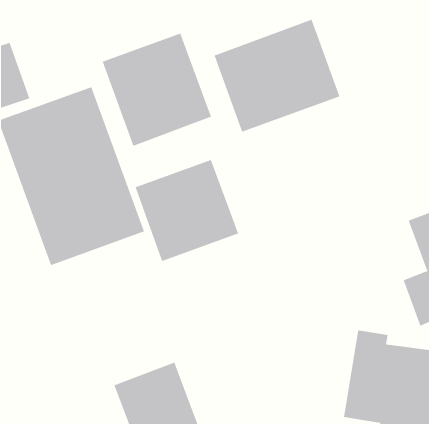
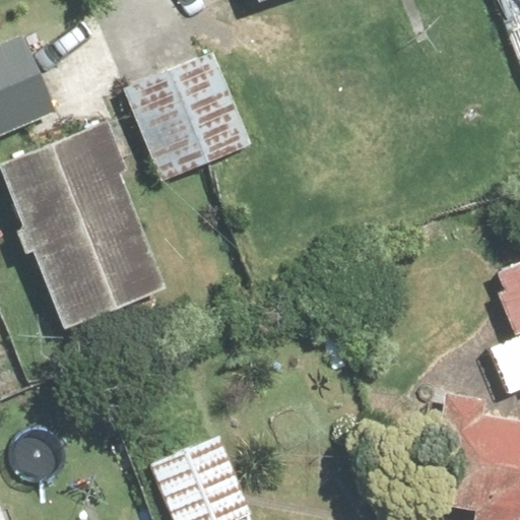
building: [214,19,340,132] -> none
building: [135,159,239,262] -> none

